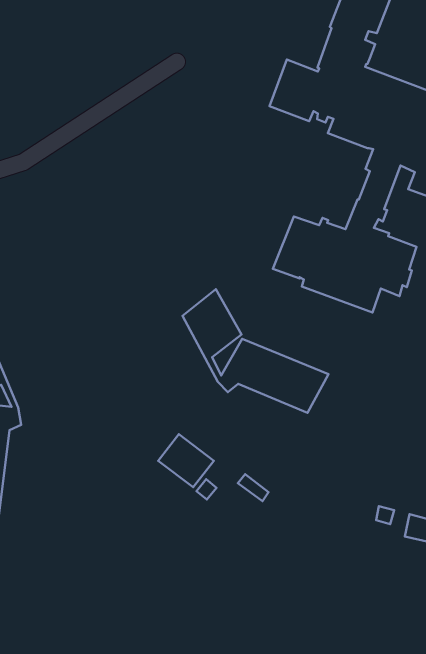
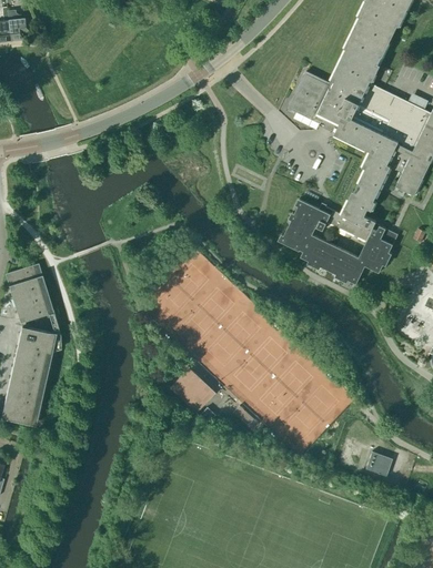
building: [182,289,328,413] -> none

